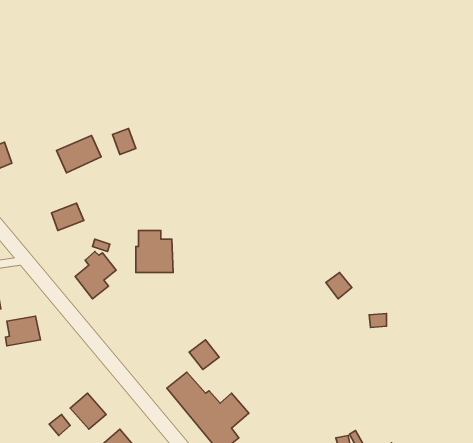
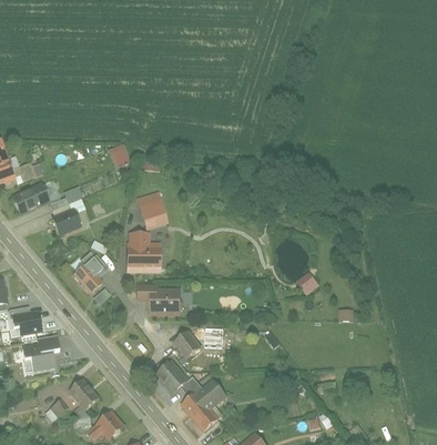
building: [57,136,101,173] -> [10,182,50,215]
building: none -> [140,198,169,227]
building: none -> [134,282,181,316]
building: none -> [20,336,58,373]

